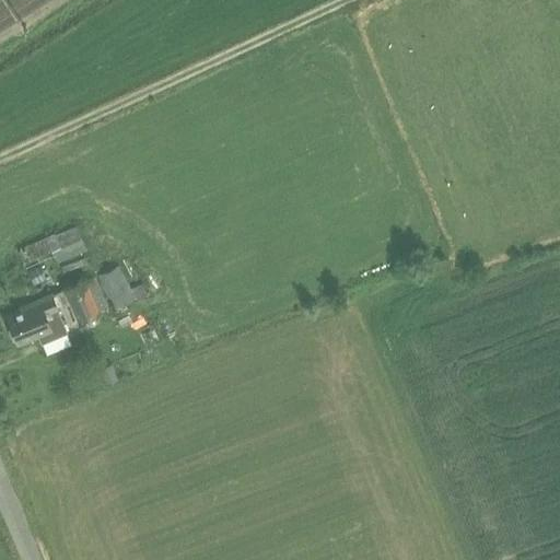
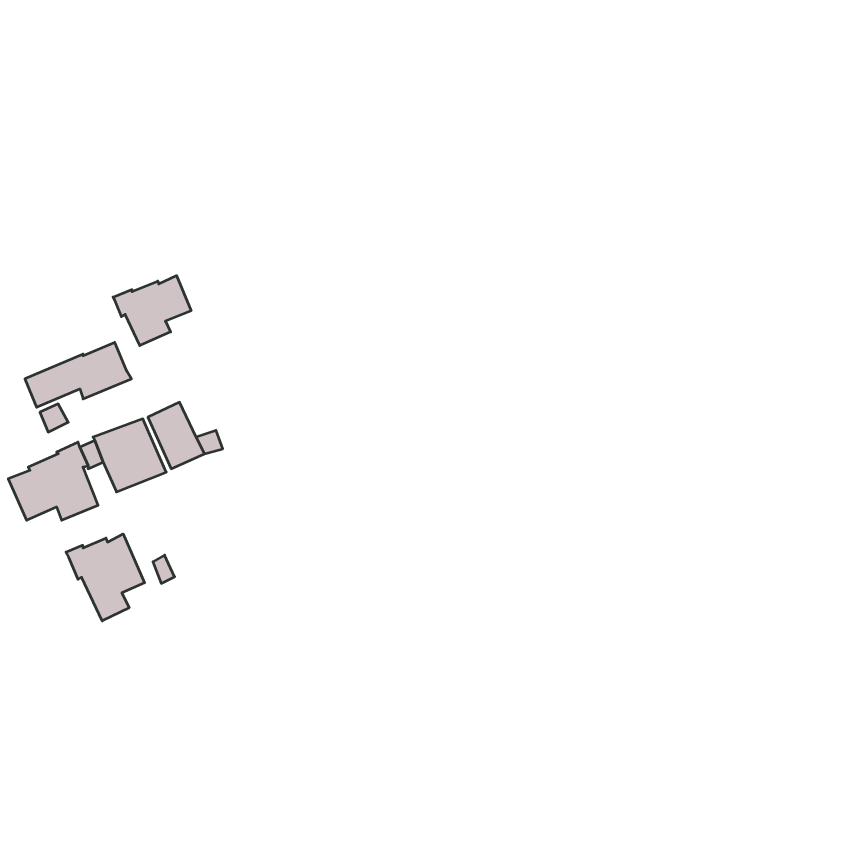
building: none -> [113,276,191,346]
building: none -> [66,534,145,621]

